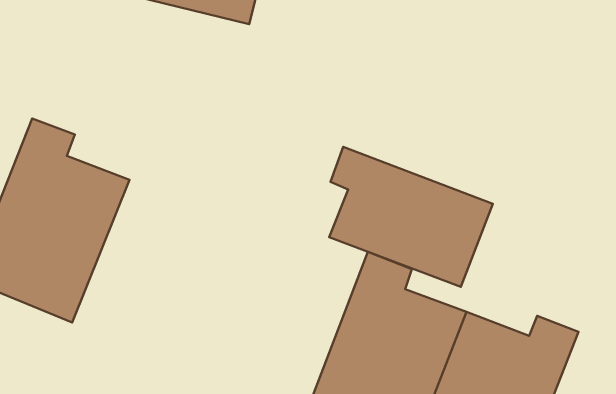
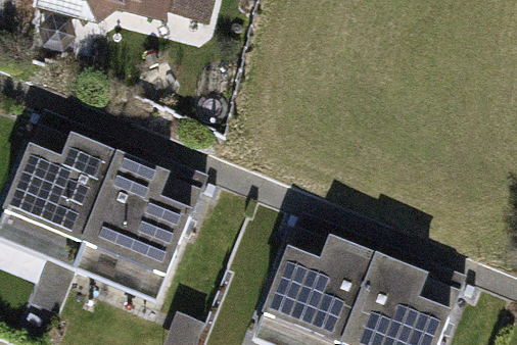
building: [329,147,493,287] -> none
building: none -> [72,162,201,303]

